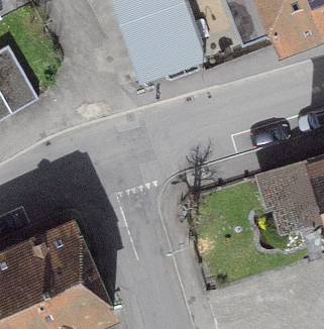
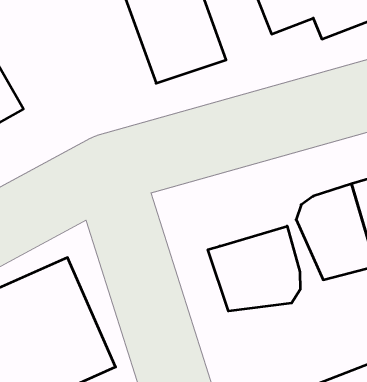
building: none -> [208,226,300,311]

